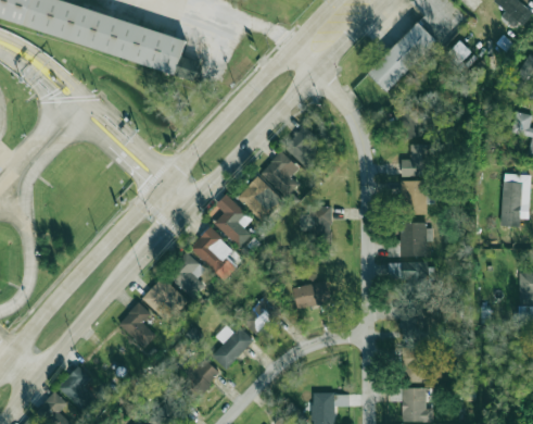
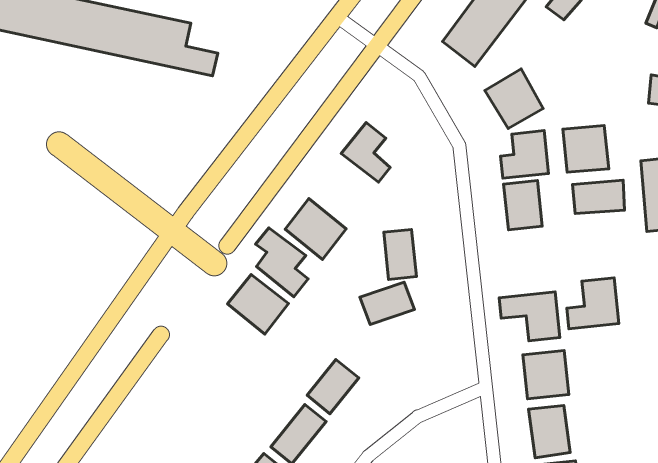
building: none -> [563,126,609,172]
building: [262,152,299,198] -> none
building: none -> [573,180,625,214]
building: [389,224,426,258] -> [567,278,619,329]
building: [166,253,205,300] -> none
building: [143,278,188,322] -> none
building: [292,282,331,310] -> [360,282,415,325]
building: [118,303,154,346] -> none

